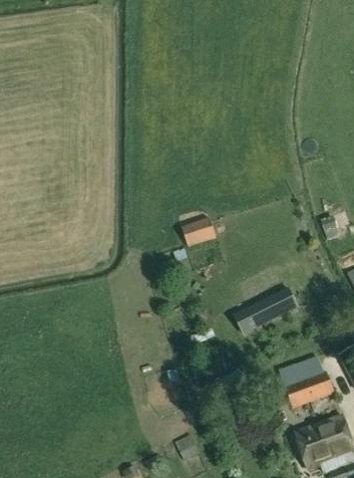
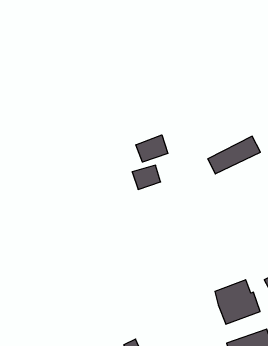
building: none -> [136,135,168,162]
building: [233,287,296,332] -> [208,136,260,174]

